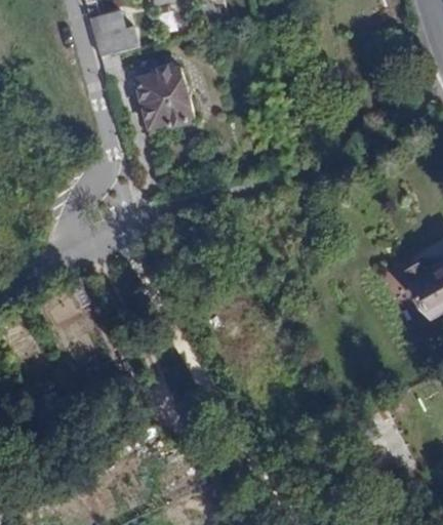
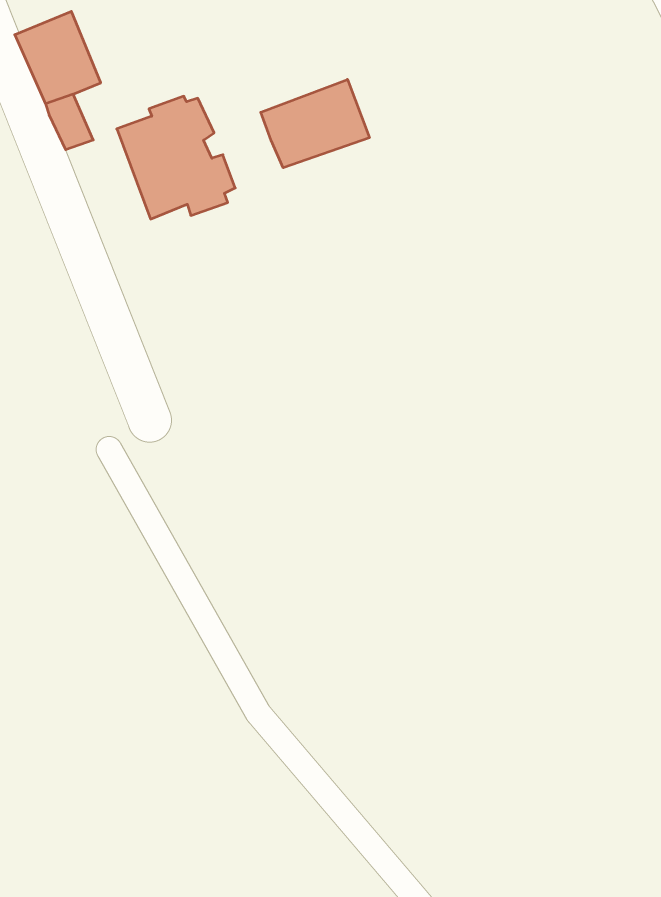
building: none -> [261,79,369,168]

